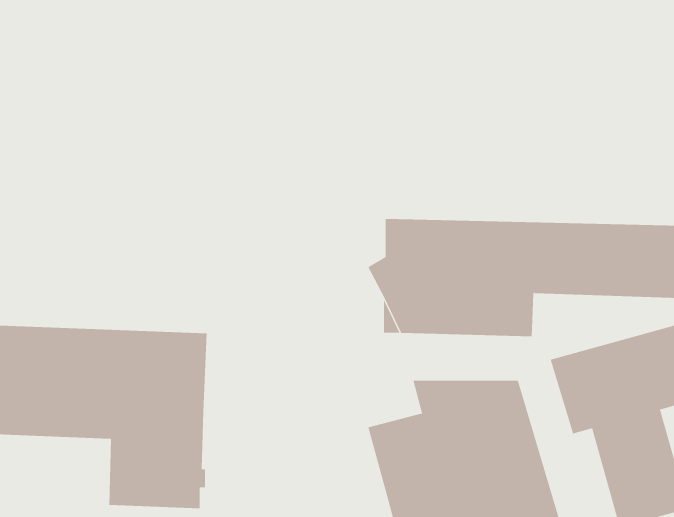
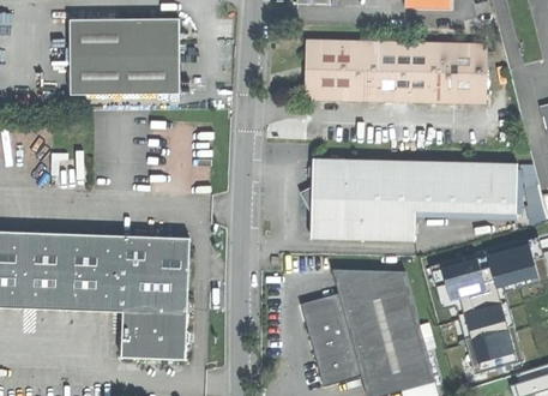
building: none -> [71,19,180,95]
building: none -> [305,40,488,106]

